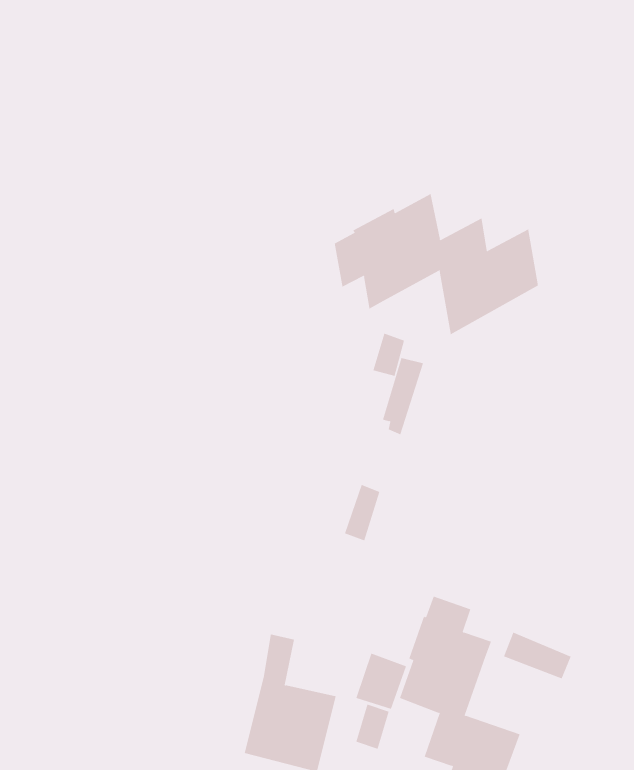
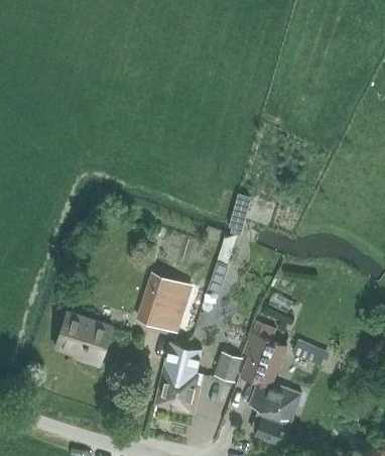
building: [334,193,539,335] -> none
building: none -> [135,271,192,332]
building: none -> [57,313,113,366]

